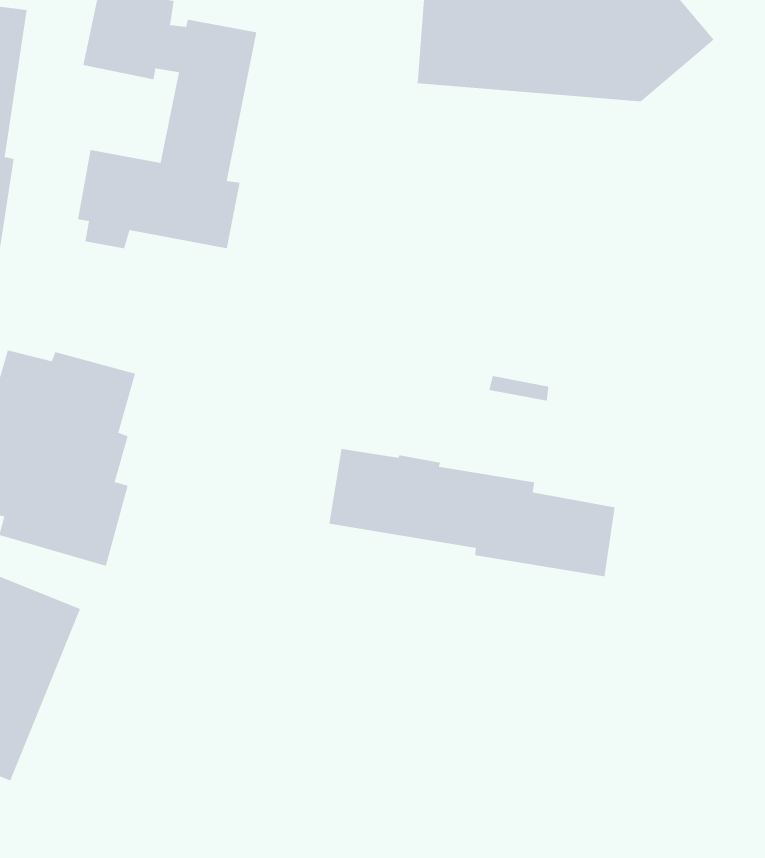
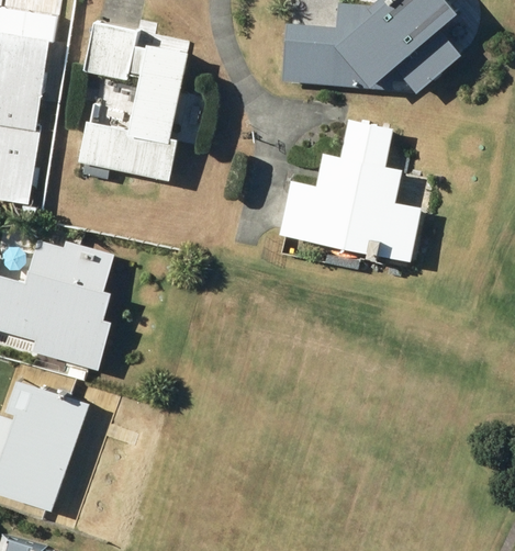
building: none -> [279,120,421,262]
building: [329,448,615,577] -> none

